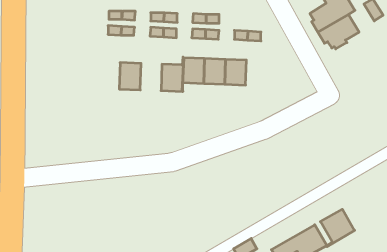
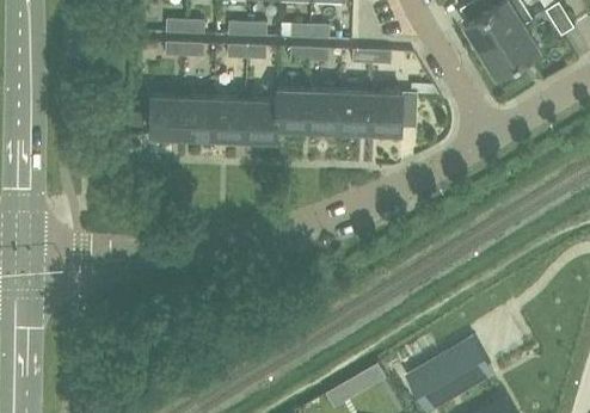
building: none -> [369,94,402,132]
building: none -> [149,97,183,137]
building: none -> [213,99,245,140]
building: [320,209,355,247] -> none

